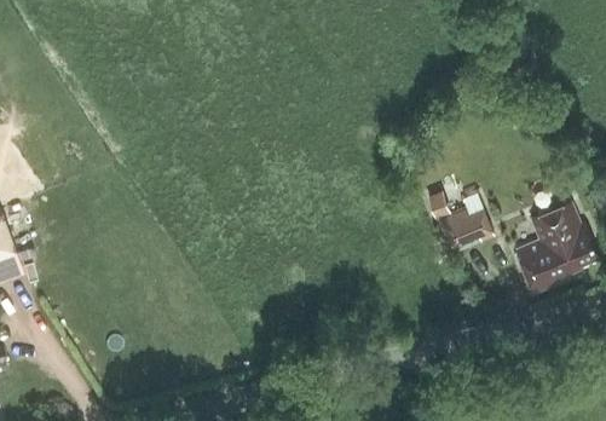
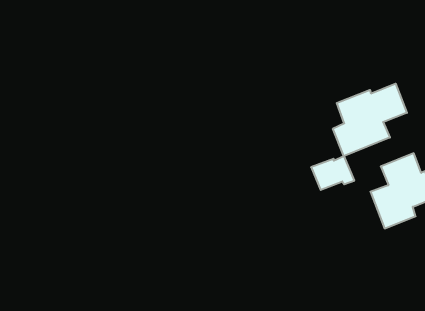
building: none -> [333,84,407,156]

